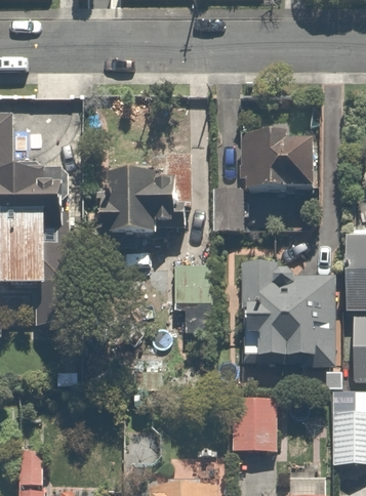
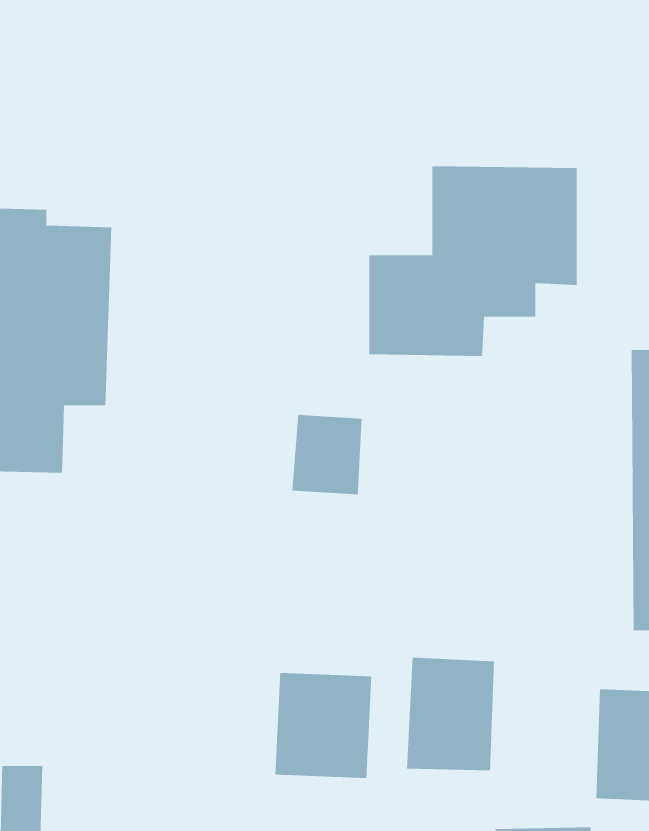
building: [98,153,194,244] -> none
building: [238,263,335,364] -> none
building: none -> [275,672,372,779]

